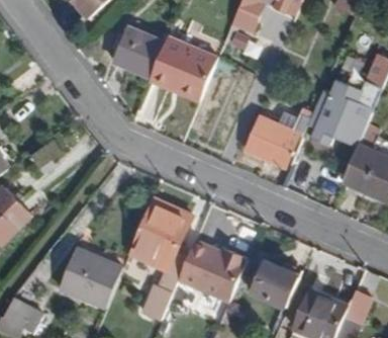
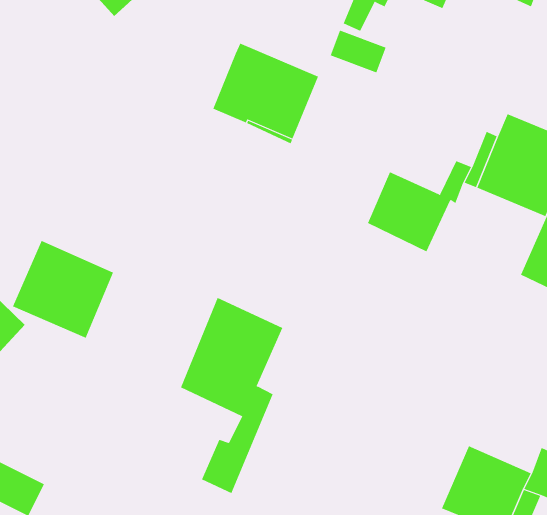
building: [111,28,163,75] -> none
building: [199,240,248,293] -> none
building: [59,247,122,309] -> [12,240,114,339]
building: [245,262,300,309] -> none

